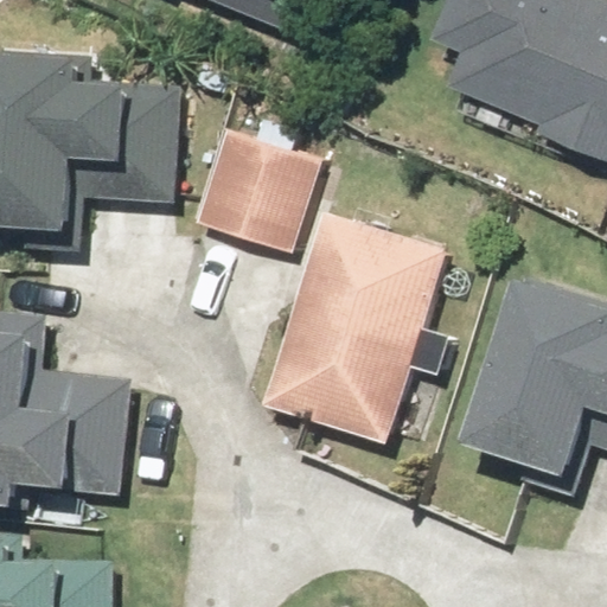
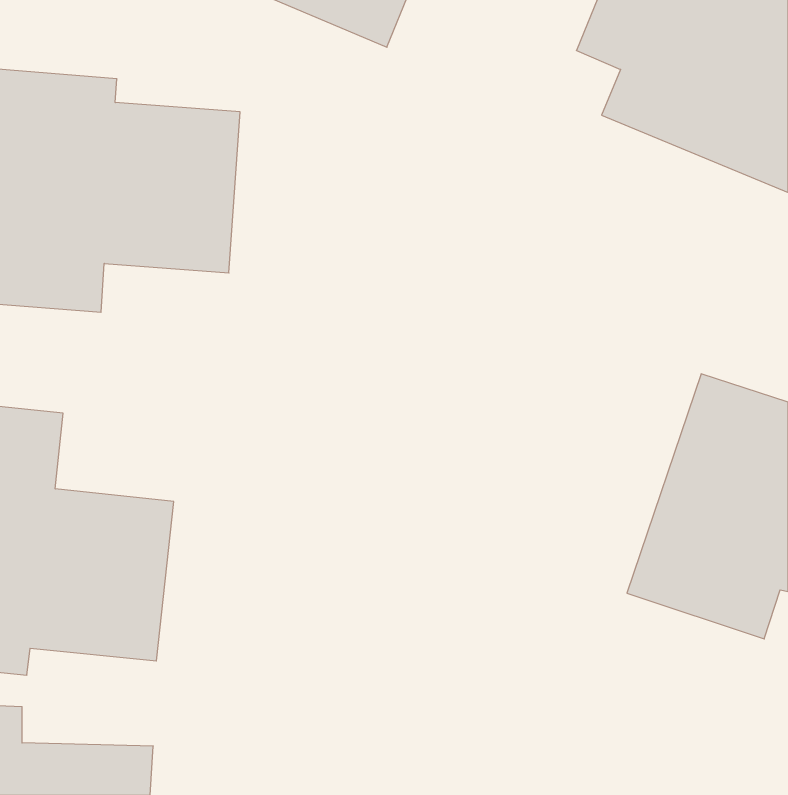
building: [192,126,321,253] -> none
building: [266,211,447,443] -> none

